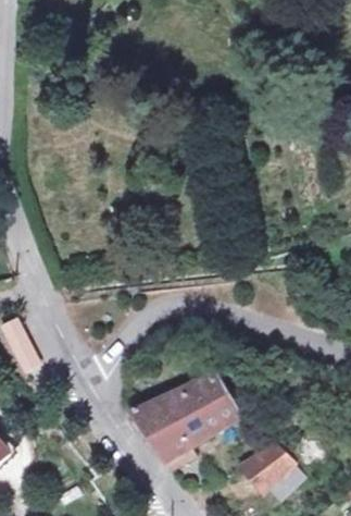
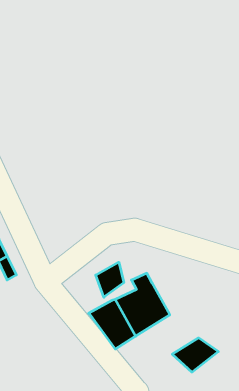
building: none -> [96,262,124,297]

